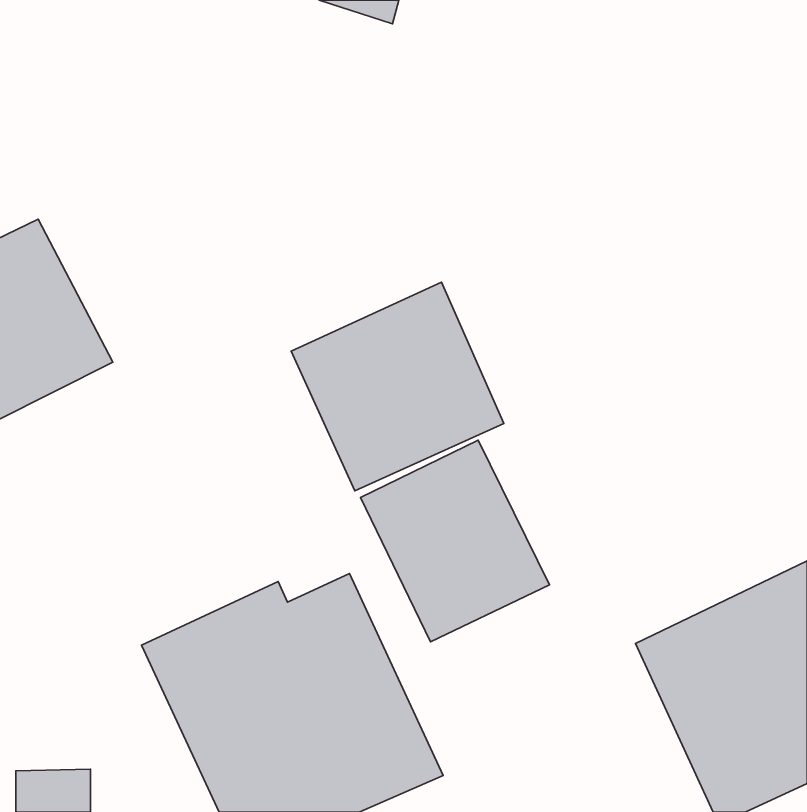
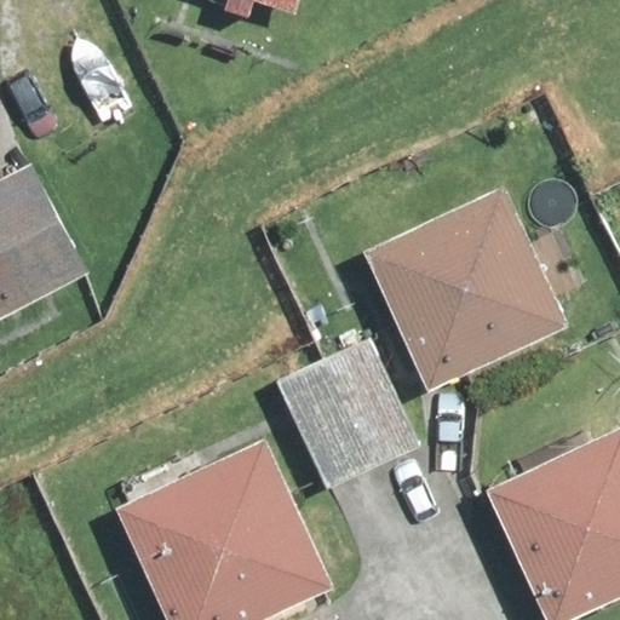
building: none -> [368,191,569,392]
building: [291,282,504,491] -> none

